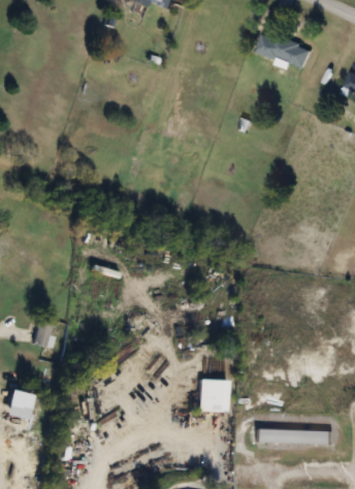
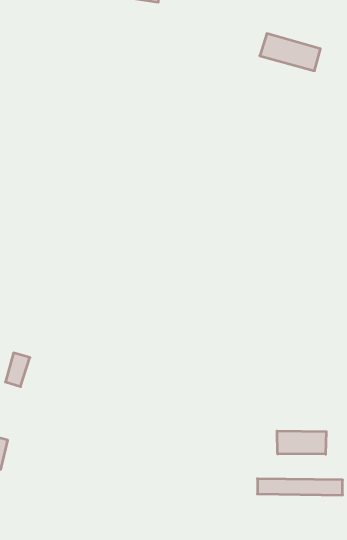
building: [196,381,224,412] -> none
building: none -> [277,431,326,454]

